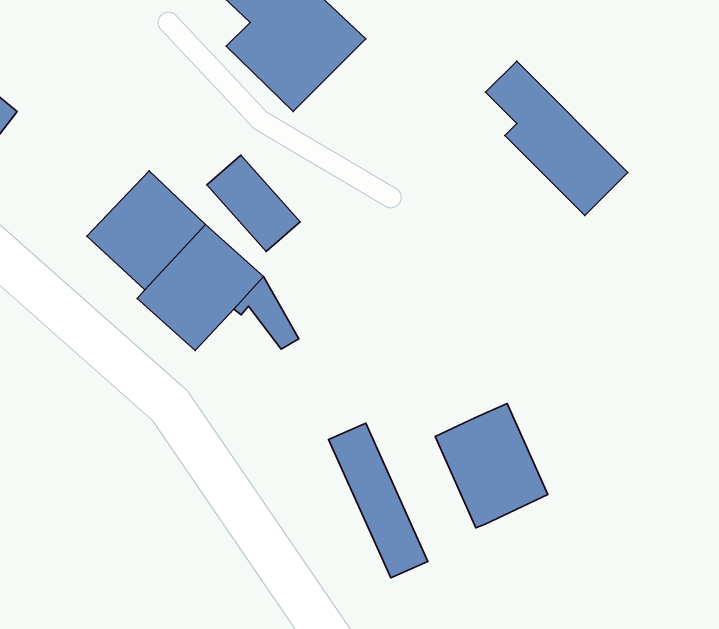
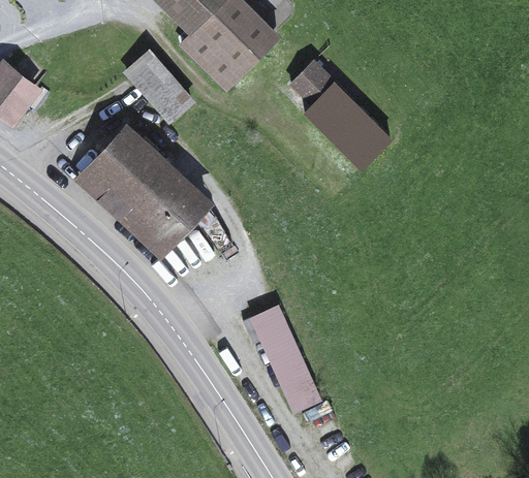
building: [486,61,628,216] -> [290,61,390,168]
building: [207,155,300,252] -> [126,55,191,122]
building: [435,403,548,528] -> none

